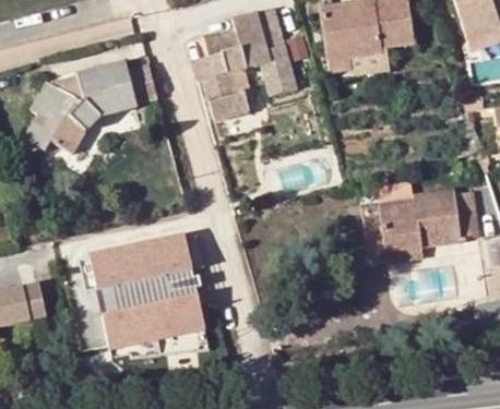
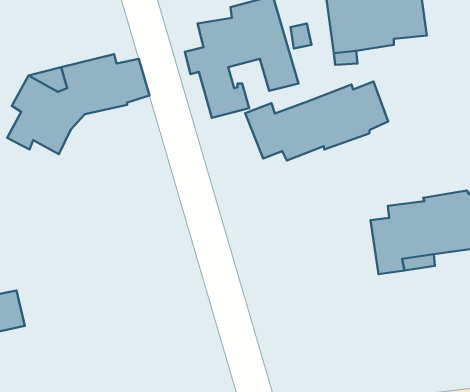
building: none -> [245,82,388,161]
building: [86,233,209,358] -> none

